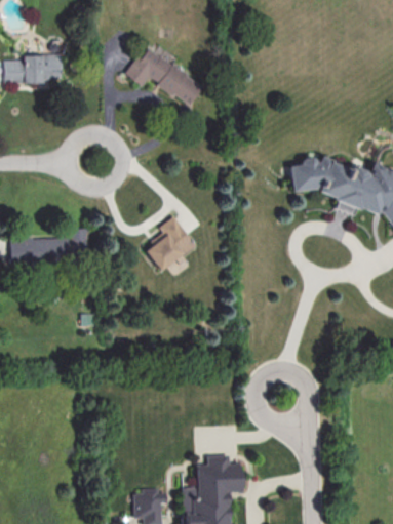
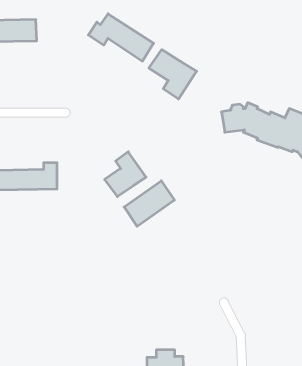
building: none -> [149,50,197,99]
building: none -> [124,181,174,226]

